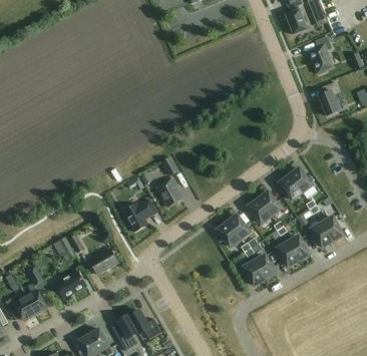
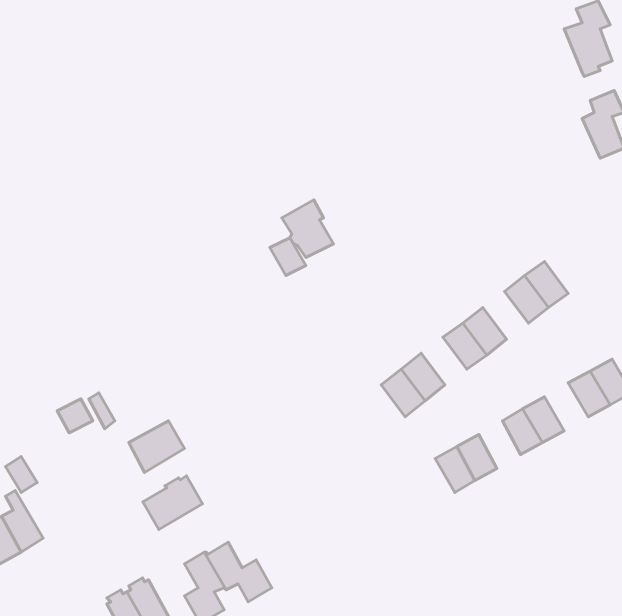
building: [156,176,182,206] -> [282,200,334,258]
building: [122,199,156,231] -> none
building: [55,271,85,298] -> [143,476,203,530]

